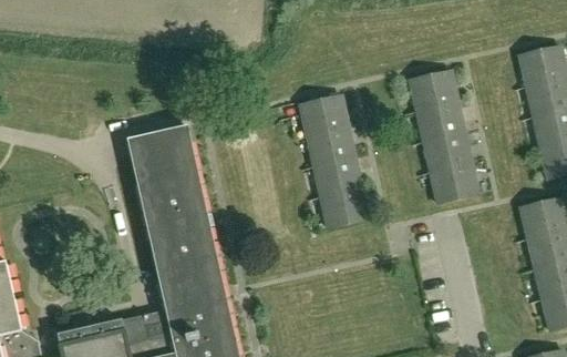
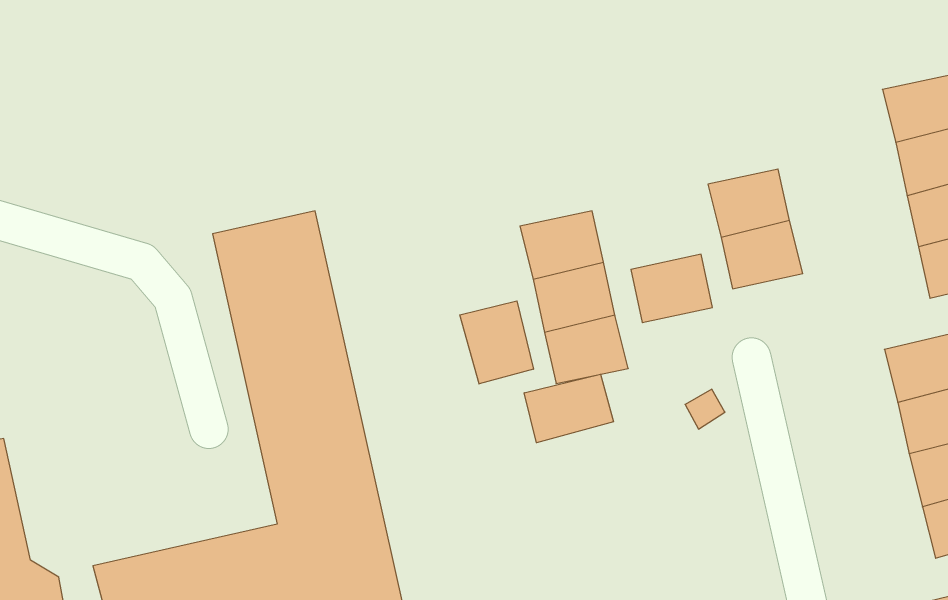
building: [410,71,457,111] -> none
building: [300,95,349,135] -> none
building: [431,163,478,203] -> [631,254,712,323]
building: none -> [460,301,533,384]
building: none -> [524,374,613,443]

